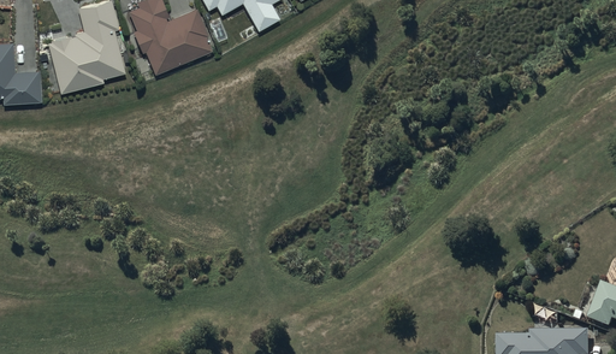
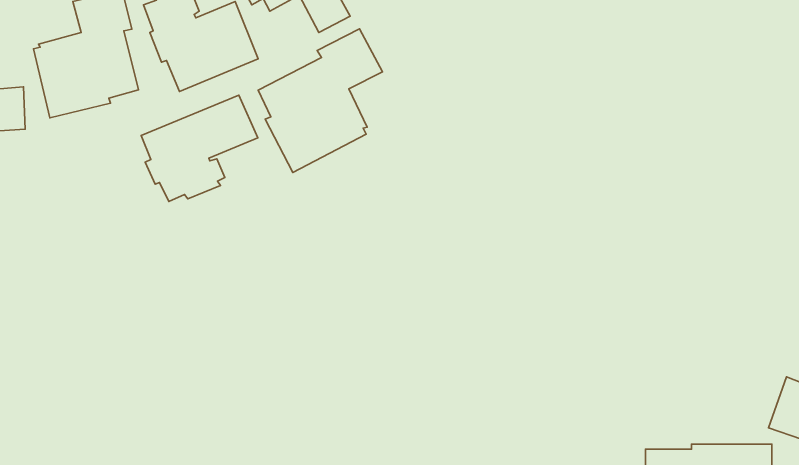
building: none -> [258,29,382,173]
building: none -> [141,95,258,202]

